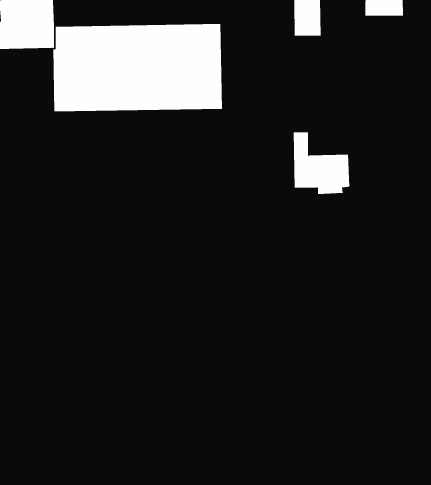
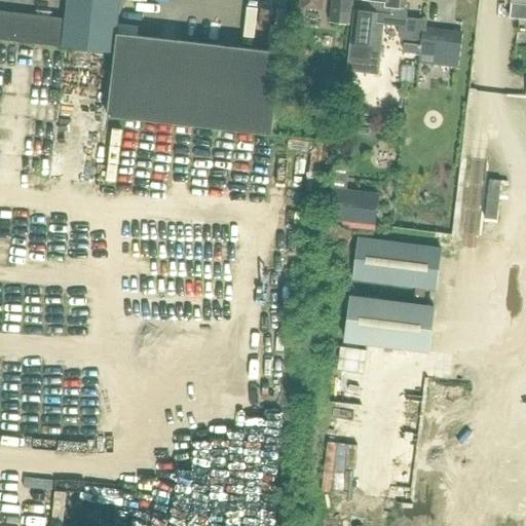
building: none -> [355,238,440,289]
building: none -> [343,295,436,353]

